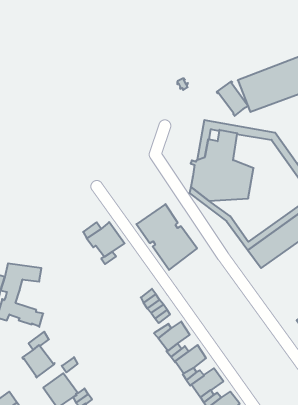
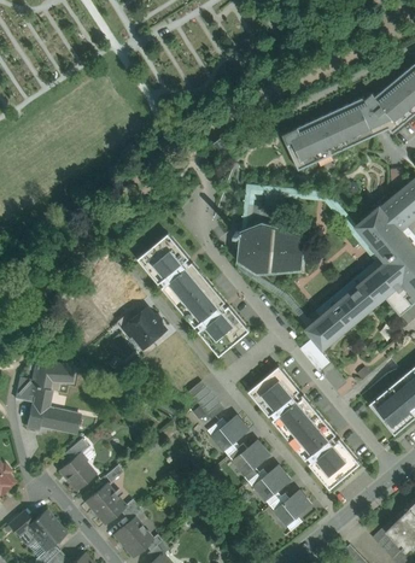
building: [217,81,248,116] -> none
building: none -> [139,234,210,307]
building: none -> [249,366,361,489]

